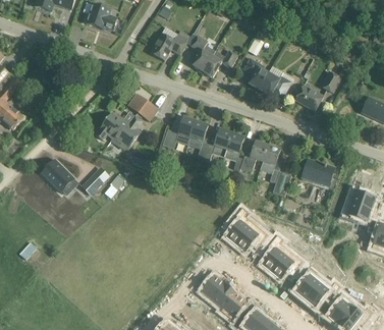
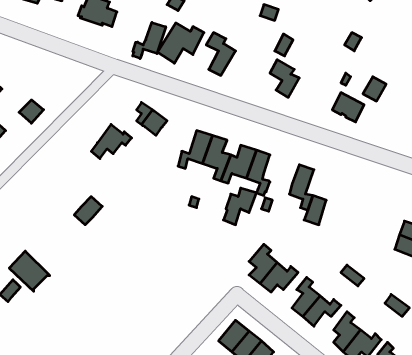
building: none -> [133,22,166,59]
building: [203,48,237,76] -> none
building: [259,71,293,99] -> none
building: [110,114,142,149] -> none
building: [240,141,268,171] -> [223,188,256,225]
building: [41,158,74,191] -> [9,251,50,291]
building: [301,160,337,186] -> none

